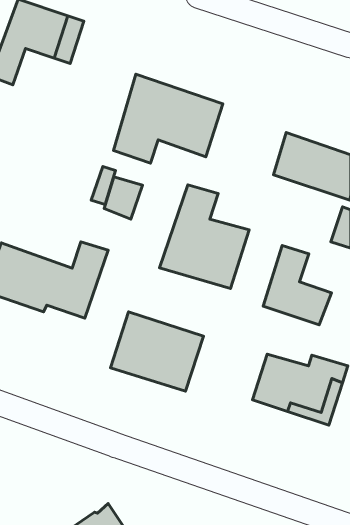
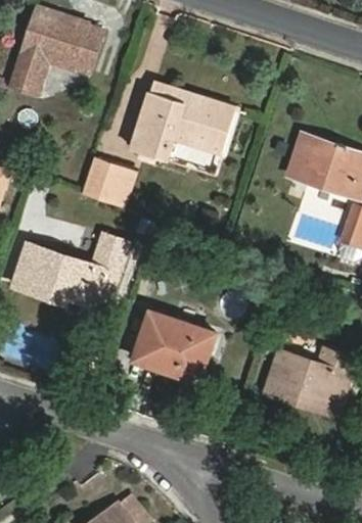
building: [104,177,142,219] -> [85,158,122,199]
building: [160,185,249,289] -> none
building: [263,246,331,325] -> none

